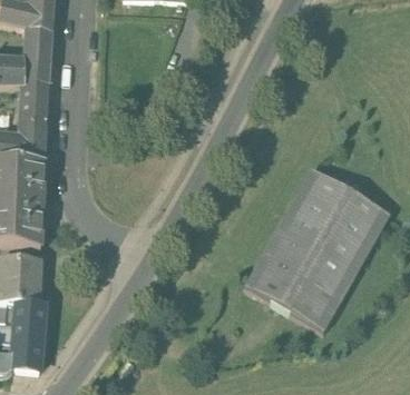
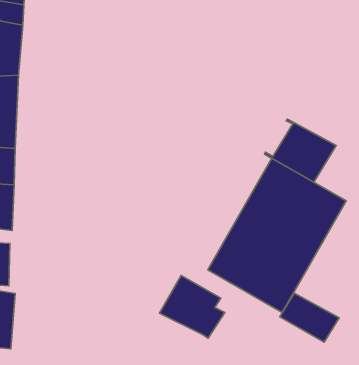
building: none -> [264,119,336,182]
building: none -> [160,275,225,338]
building: none -> [280,293,339,342]

